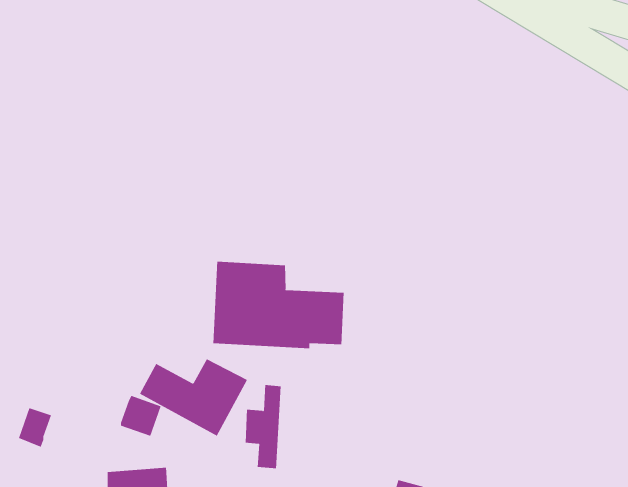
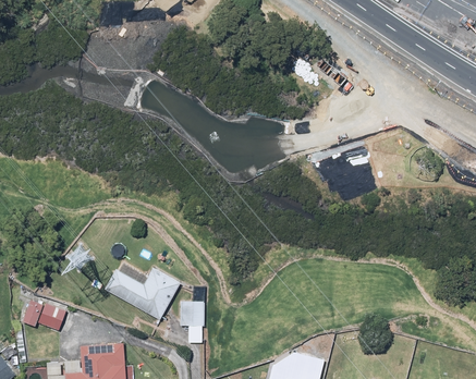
building: [213,261,344,349] -> none
building: [120,395,161,437] -> [37,301,66,330]

